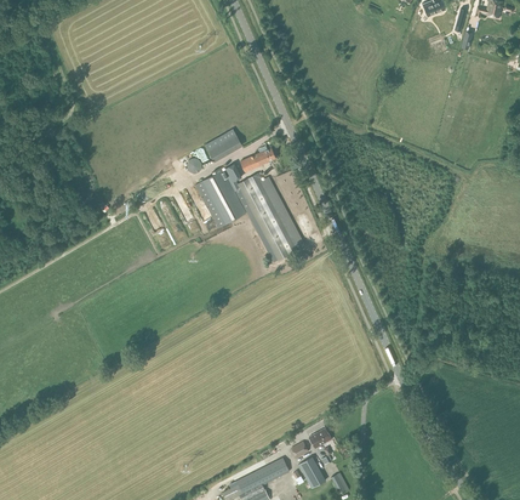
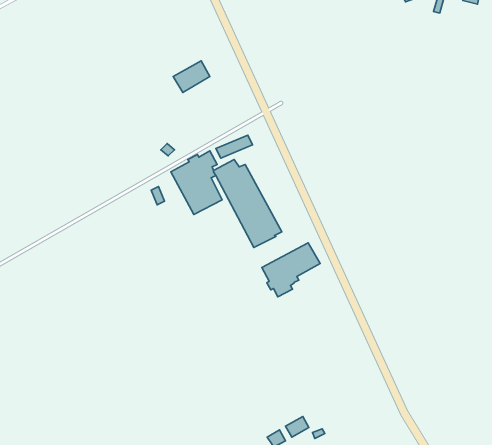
building: [204,127,240,159] -> [173,61,210,93]
building: none -> [262,243,320,297]

